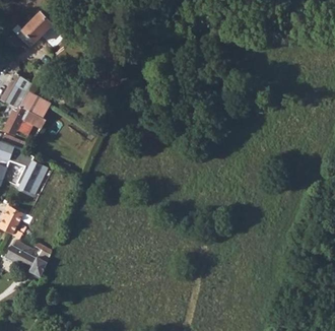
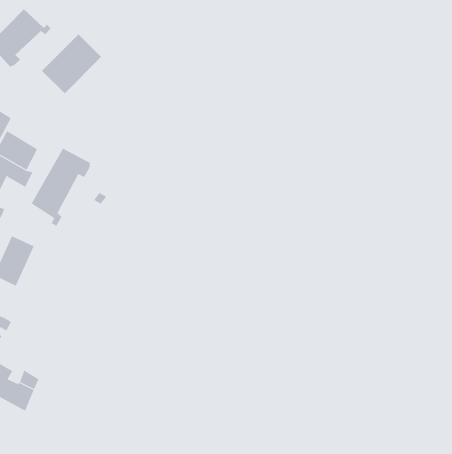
building: none -> [41,34,102,94]
building: none -> [31,148,91,227]

